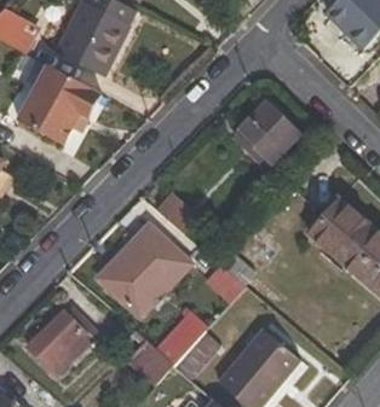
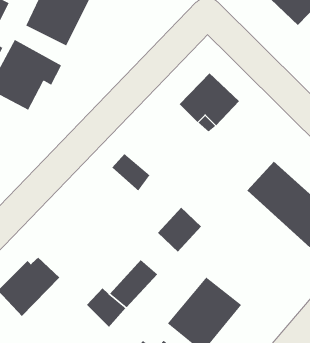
building: [99,223,191,315] -> none

